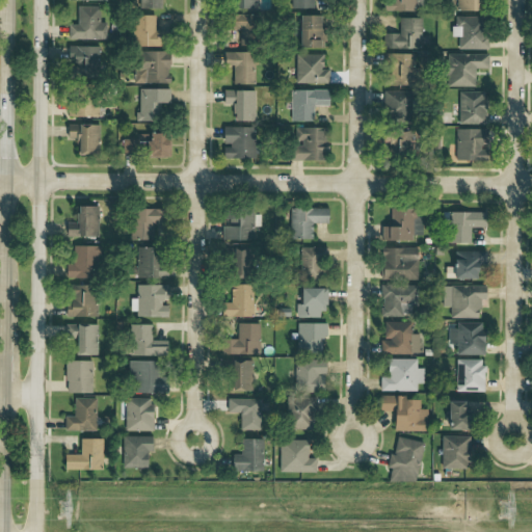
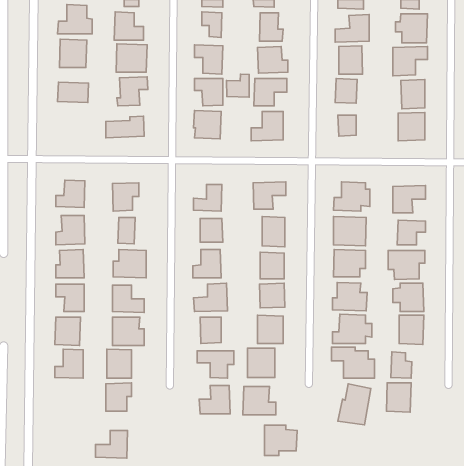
building: none -> [227,74,249,97]
building: [68,124,101,154] -> none
building: [64,438,101,470] -> [96,431,128,458]
building: none -> [265,425,297,455]

